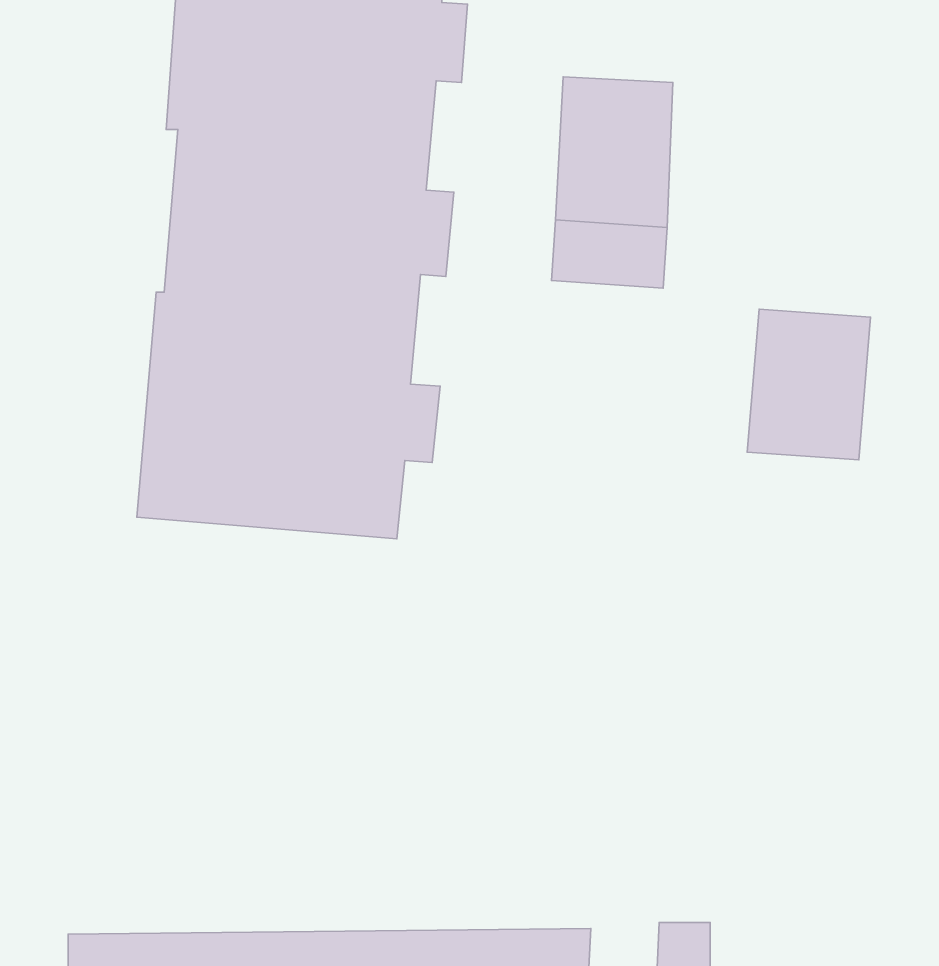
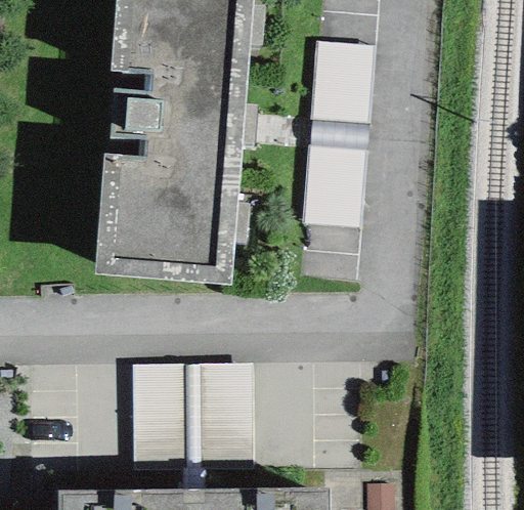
building: [747,309,871,460] -> [302,150,366,228]
building: none -> [136,353,253,474]

